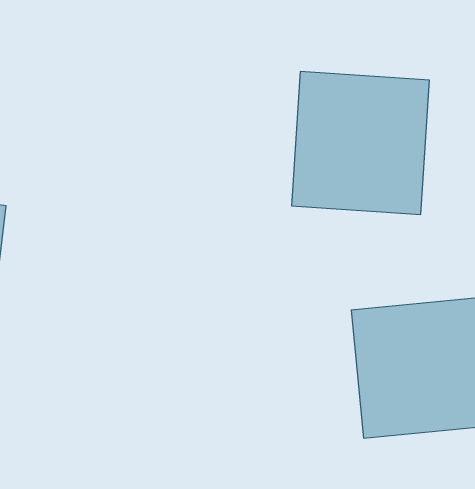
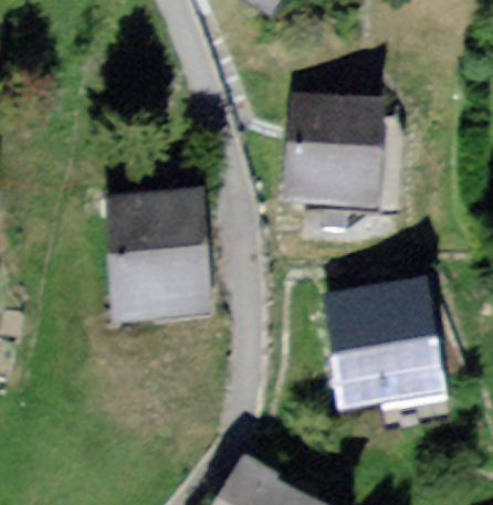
building: none -> [118,204,234,320]

